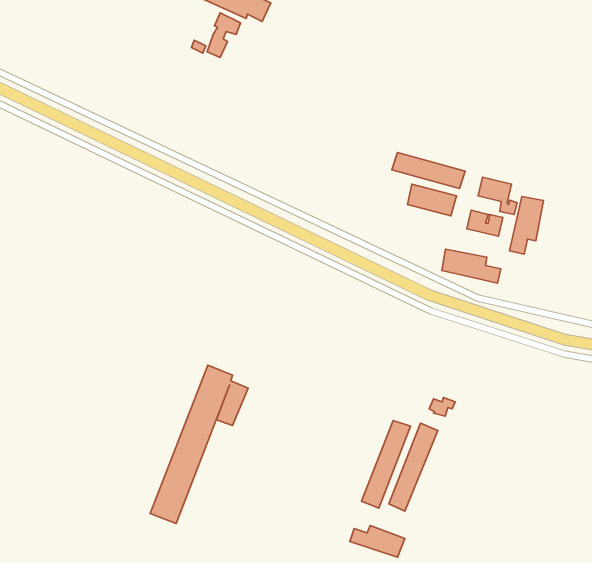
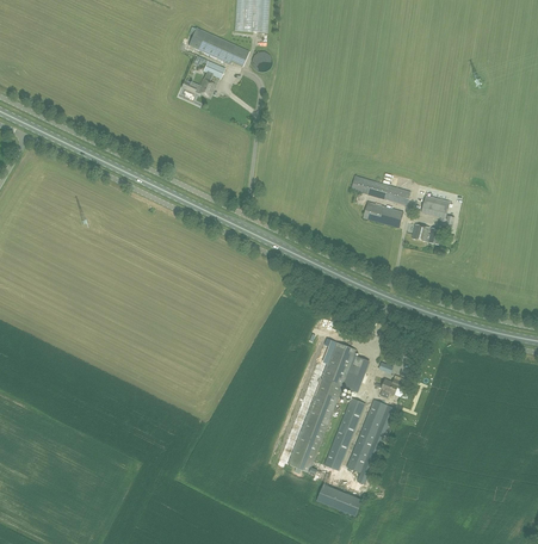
building: [509,197,543,254] -> none
building: [442,249,501,283] -> none
building: [150,365,248,523] -> [286,341,367,472]

